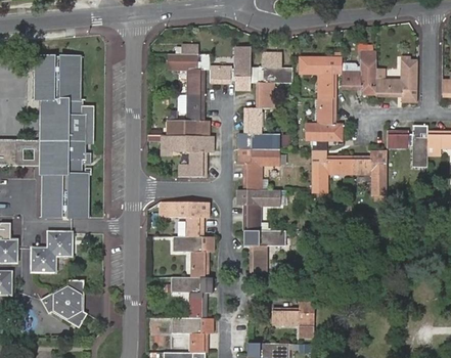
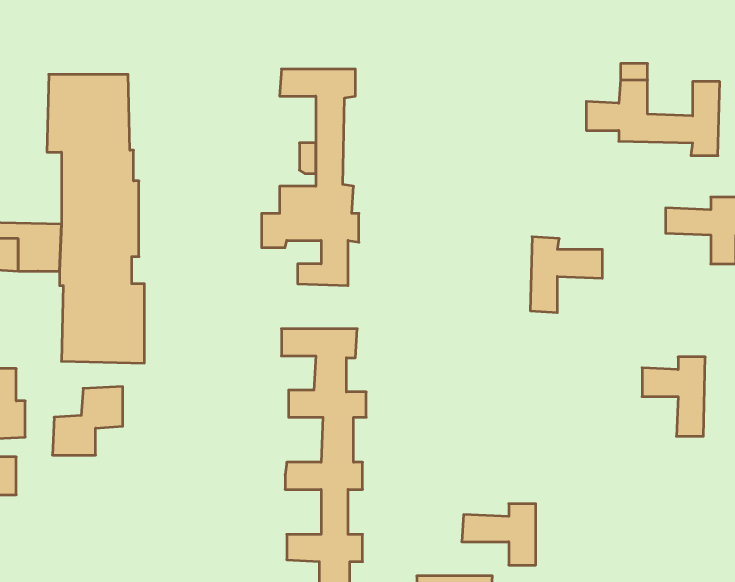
building: [210,48,291,272] -> none
building: [299,57,341,140] -> none
building: [350,150,386,195] -> [642,357,705,436]
building: [47,281,94,330] -> none

